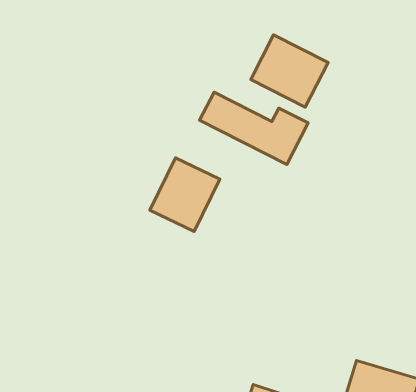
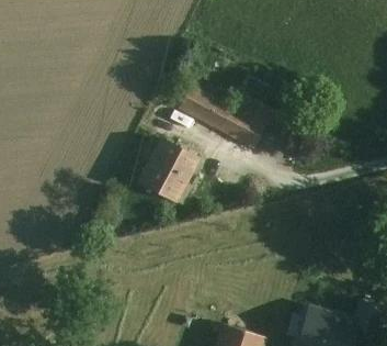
building: [251,35,328,107] -> none

